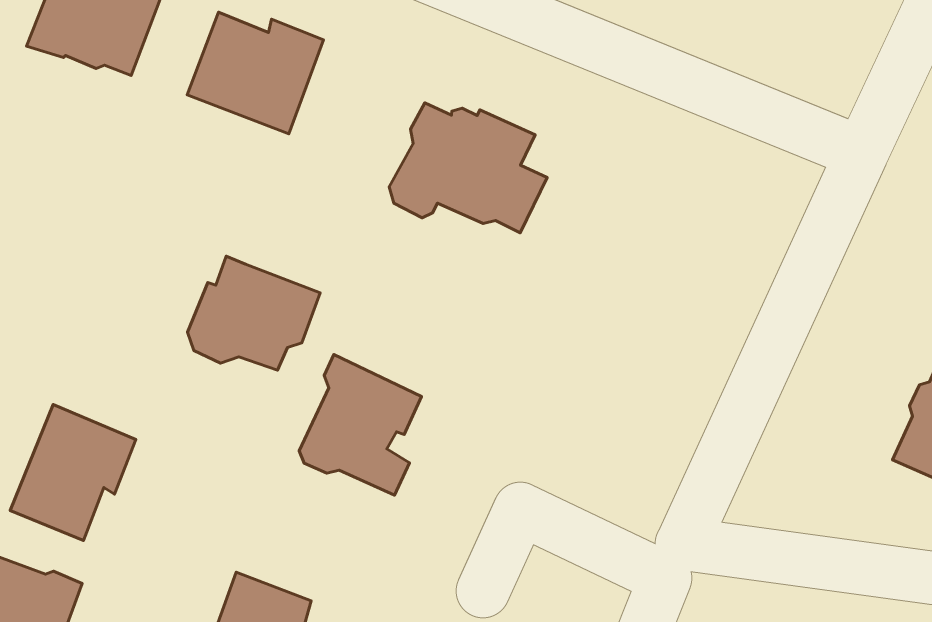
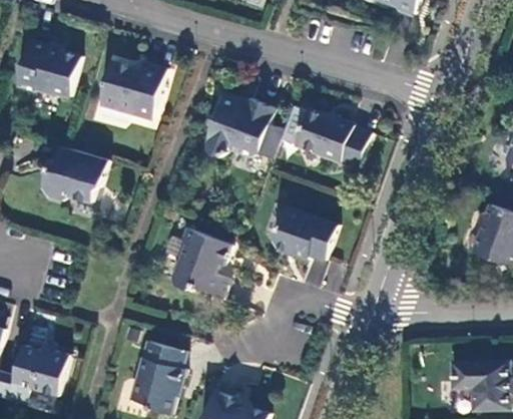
building: none -> [295,107,371,165]
building: [187,256,320,370] -> [43,145,108,200]
building: none -> [275,205,338,258]
building: [10,404,136,540] -> none

